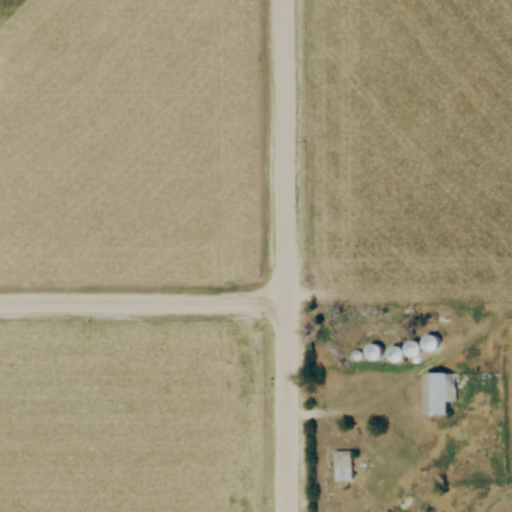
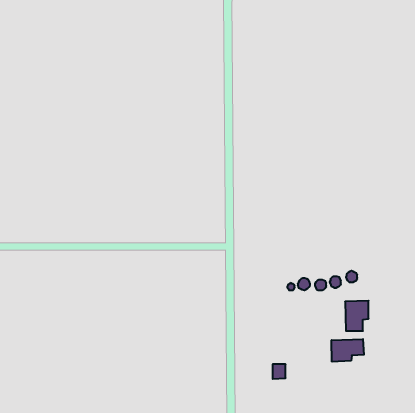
building: none -> [332,339,364,362]

